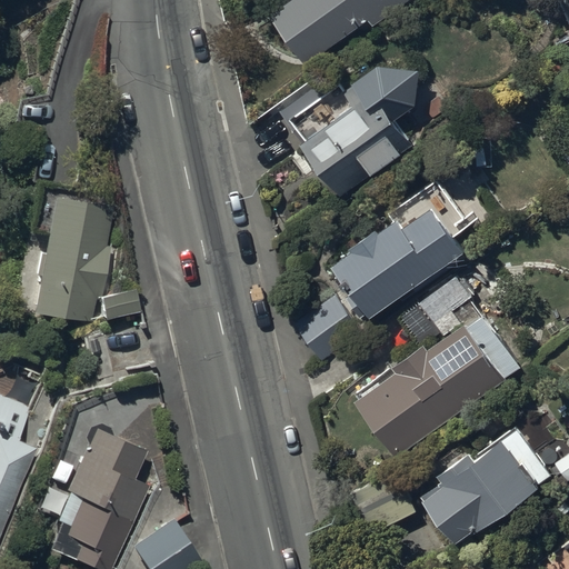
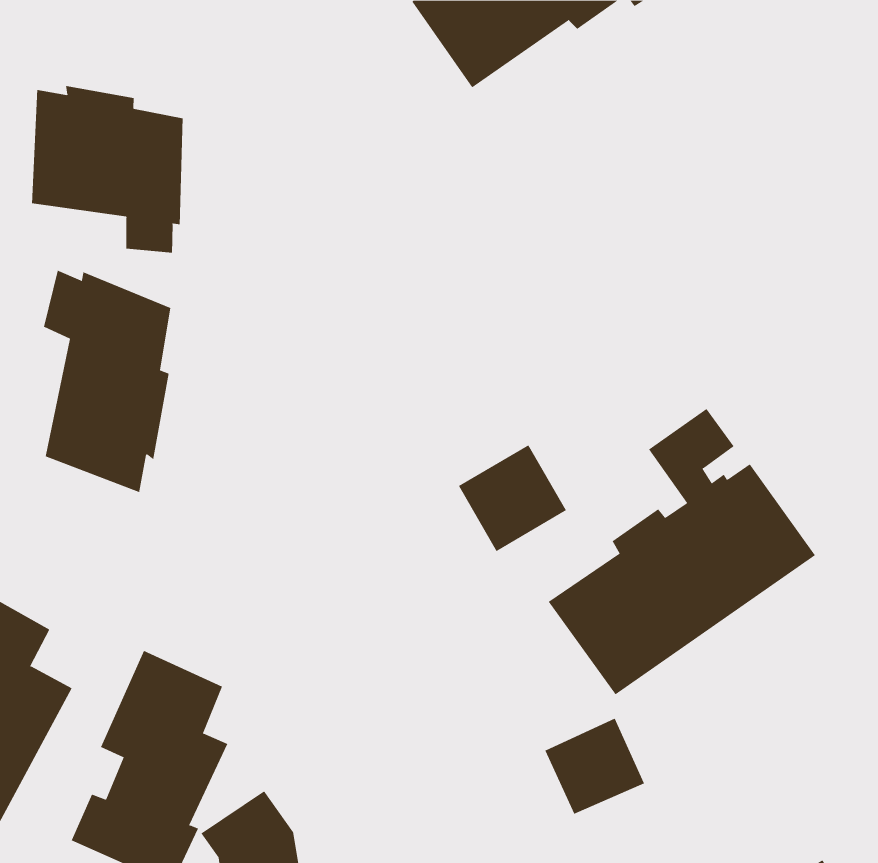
building: [305,60,421,192] -> none
building: none -> [31,85,183,254]
building: [332,181,489,310] -> none
building: [425,428,551,537] -> none

